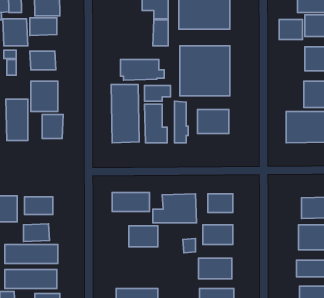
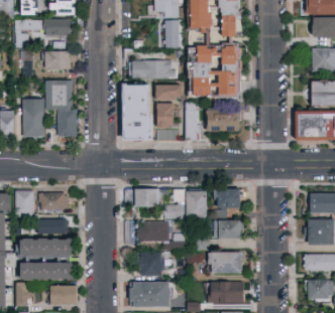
building: [279,20,302,40] -> none
building: none -> [137,252,163,275]

